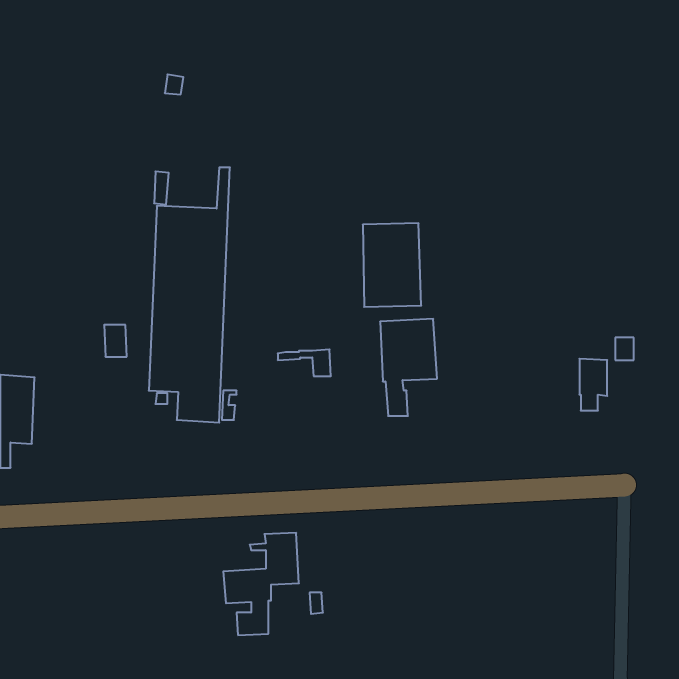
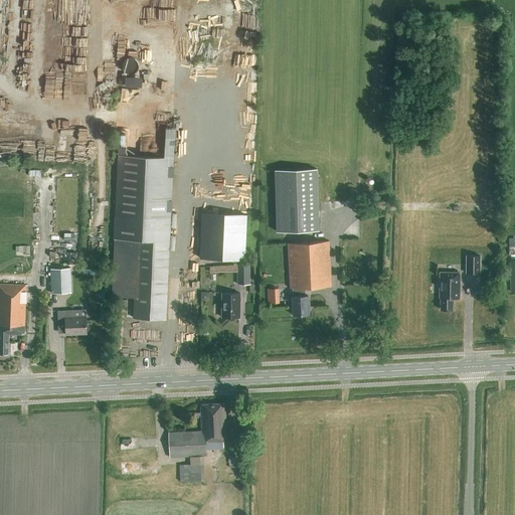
building: none -> [199,213,245,262]
building: [104,325,127,357] -> [50,269,67,293]
building: none -> [221,293,240,318]
building: none -> [57,311,87,335]

